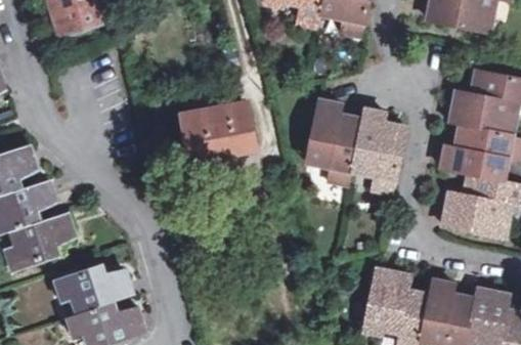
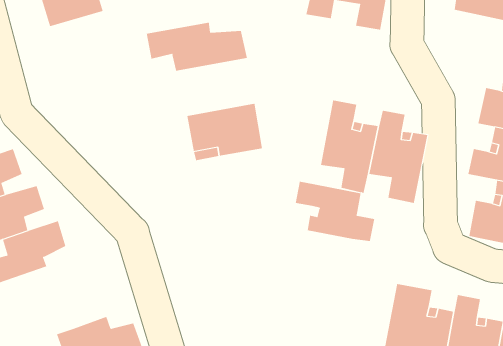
building: none -> [146,22,247,71]
building: none -> [295,181,375,242]
building: [55,264,132,310] -> none

